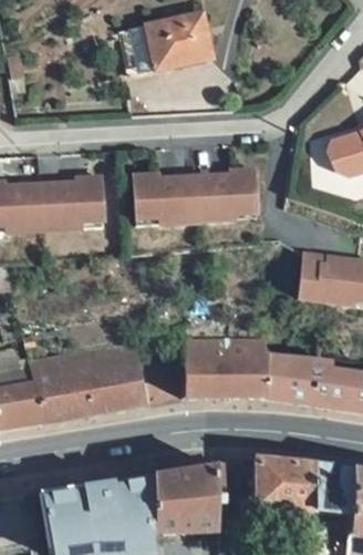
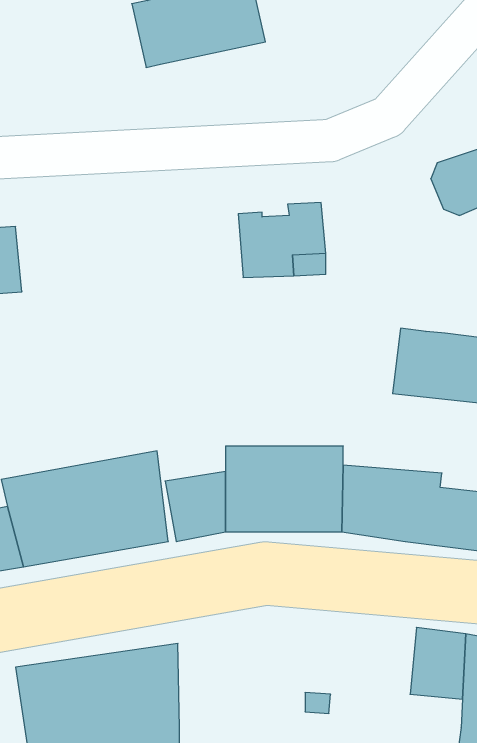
building: [133,174,198,226] -> none
building: [40,176,102,230] -> none
building: [256,459,319,511] -> none
building: [153,463,225,534] -> none

